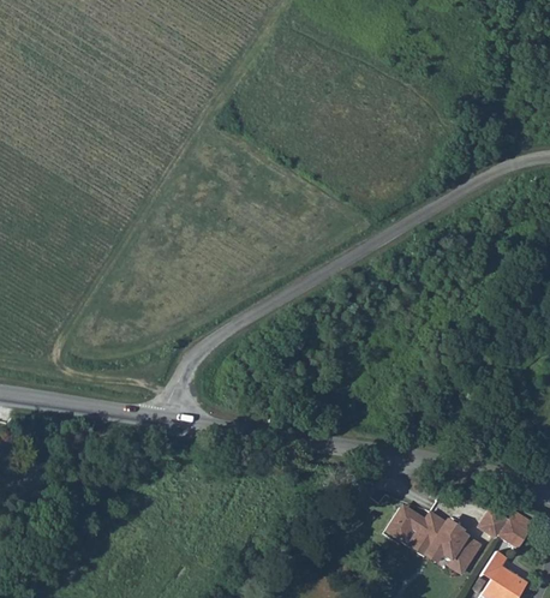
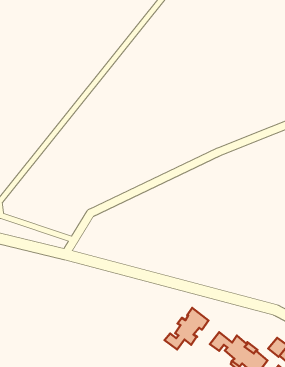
building: none -> [165,308,209,350]

